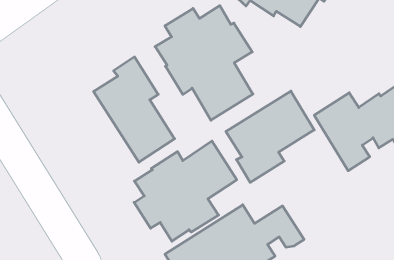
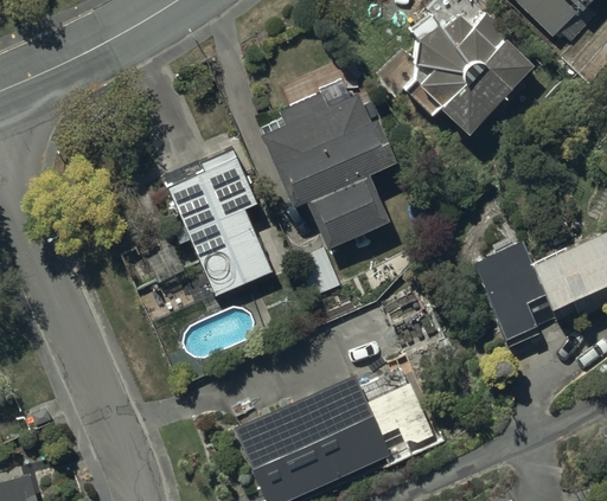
building: [226,91,314,182] -> none
building: [134,141,237,241] -> none

